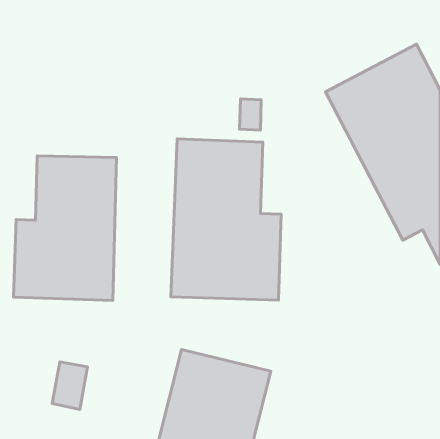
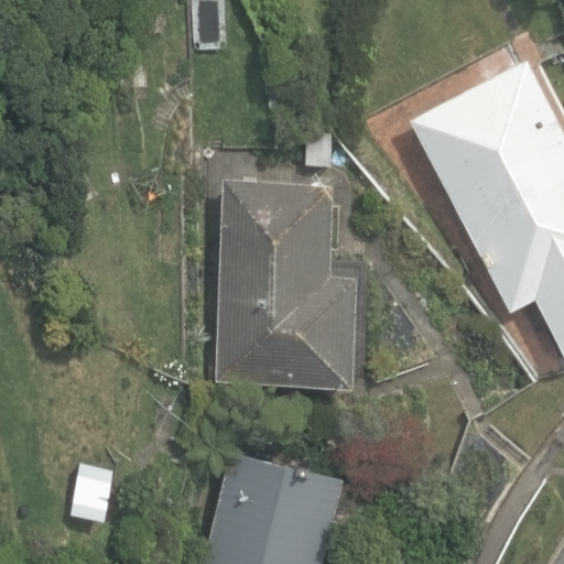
building: [14,156,116,300] -> none

